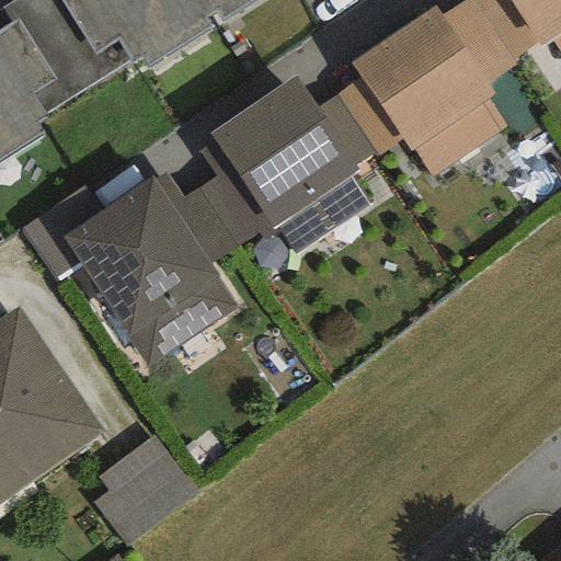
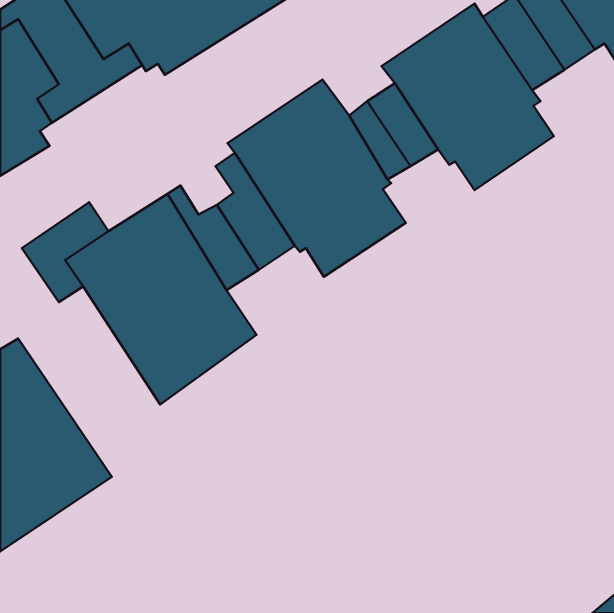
building: [94,434,195,542] -> none

